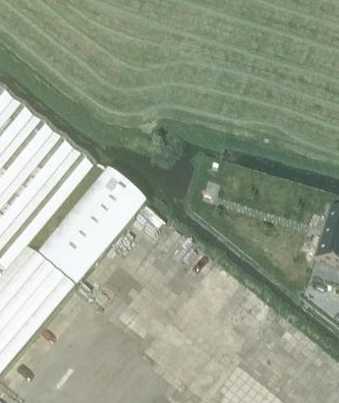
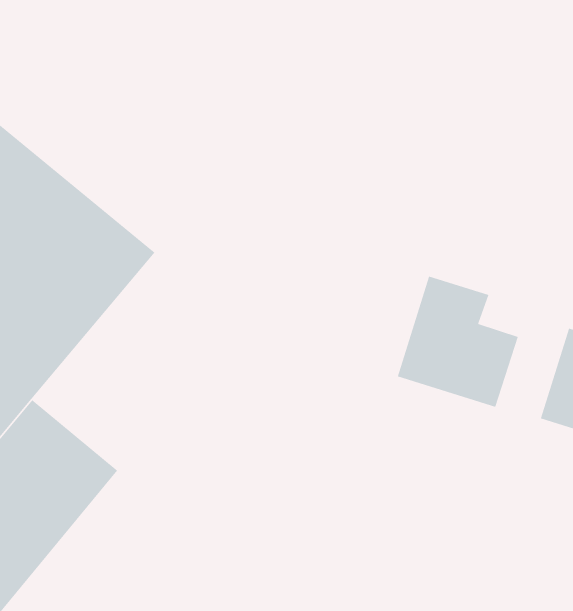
building: [37,169,145,283] -> none
building: none -> [397,275,519,408]

